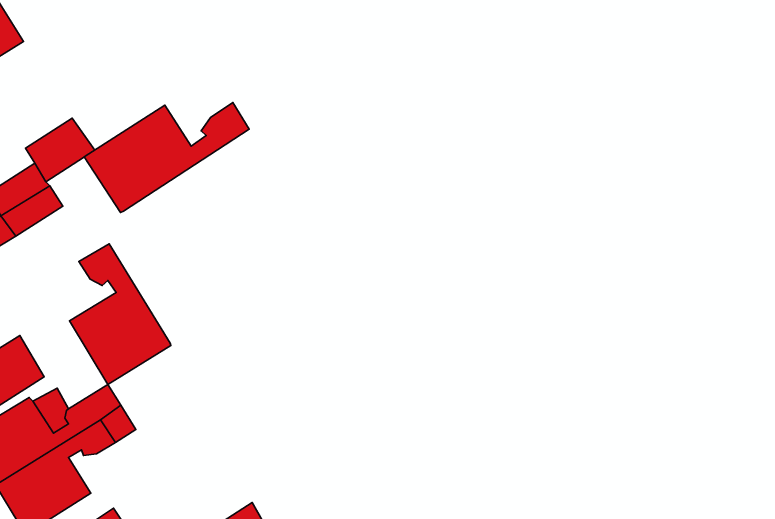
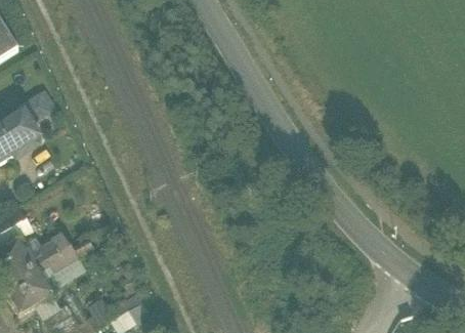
building: [84,102,249,212] -> none
building: [70,244,171,384] -> none

